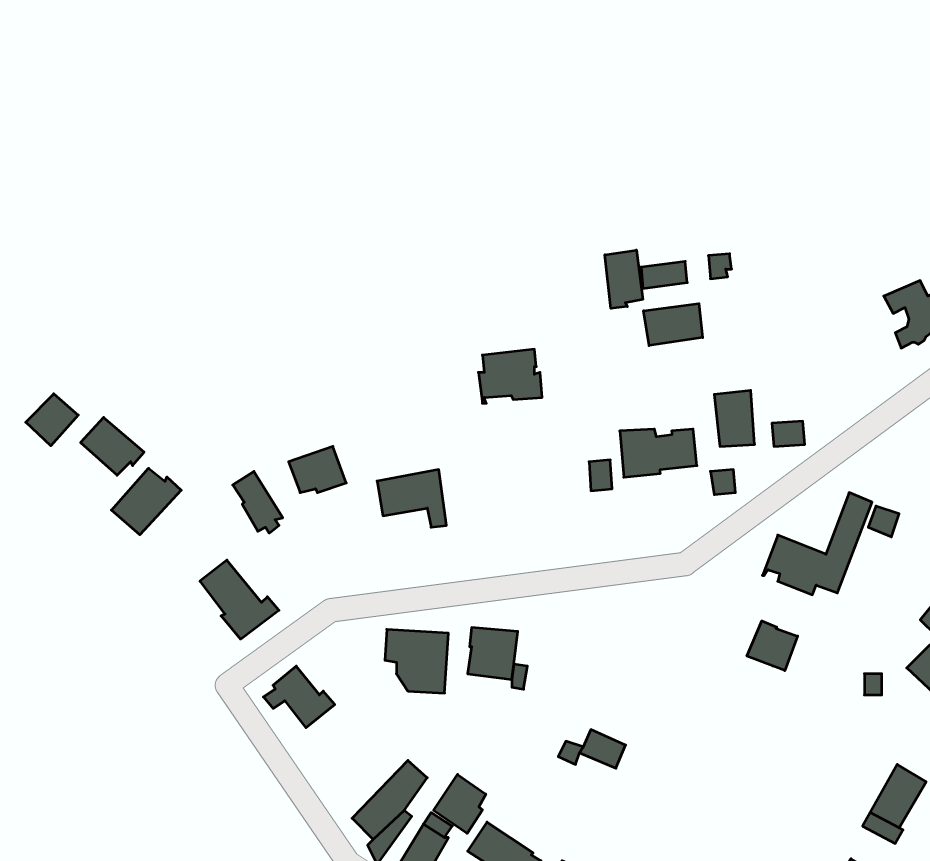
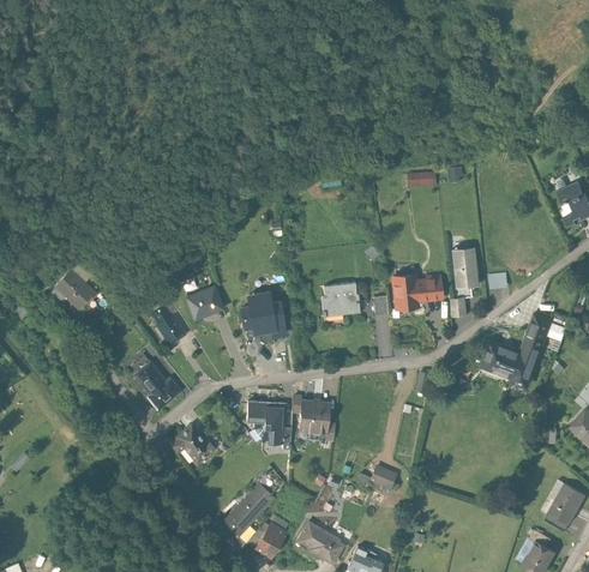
building: [605,250,643,308] -> none
building: [644,304,703,346] -> none
building: [478,349,542,403] -> [320,283,360,317]
building: [26,394,78,446] -> none
building: [111,468,181,535] -> none
building: [747,621,798,671] -> none
building: [434,774,486,833] -> none

